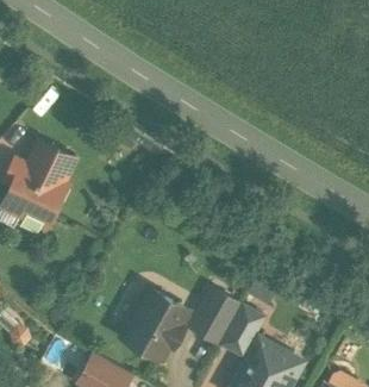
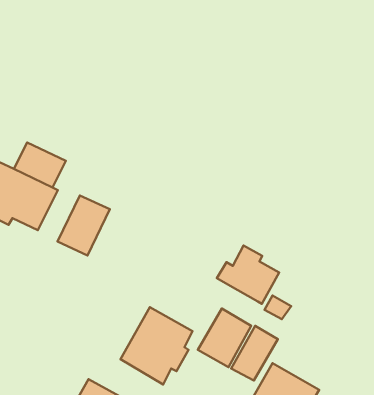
building: none -> [58,195,110,255]
building: none -> [217,246,279,304]

